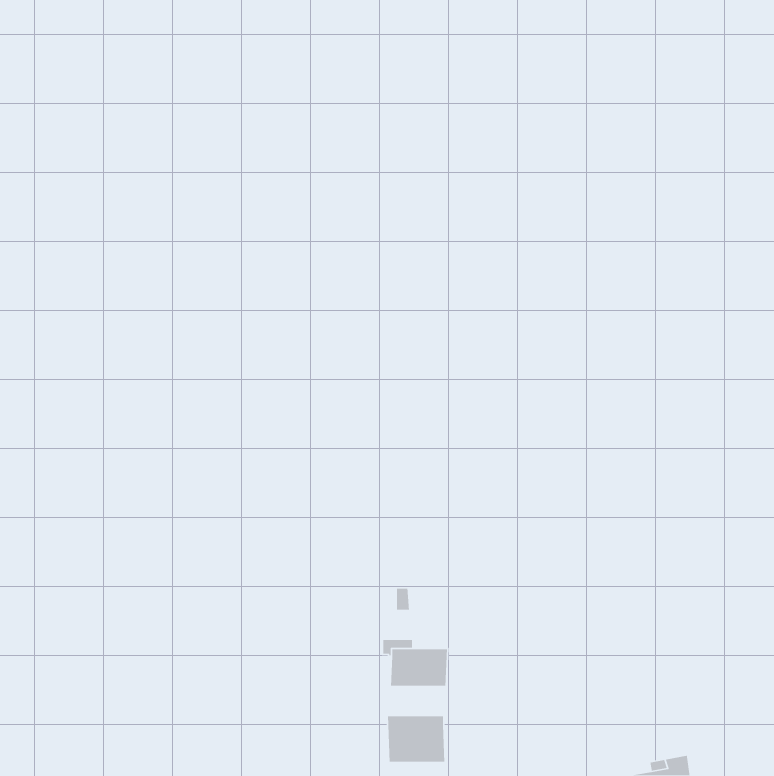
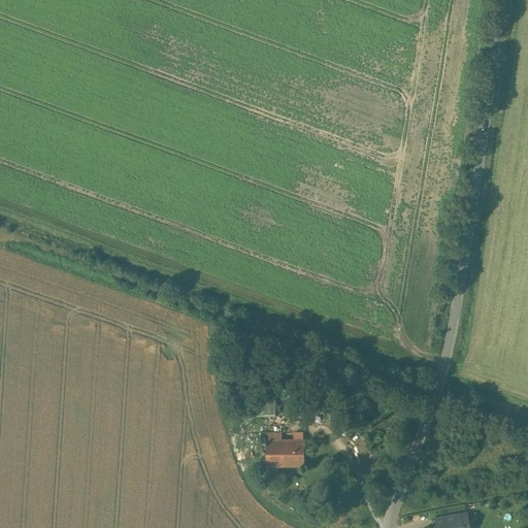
building: [387,715,445,762] -> none

